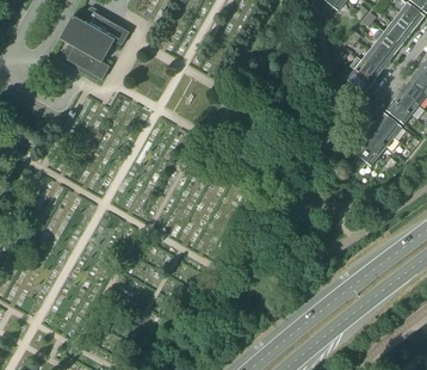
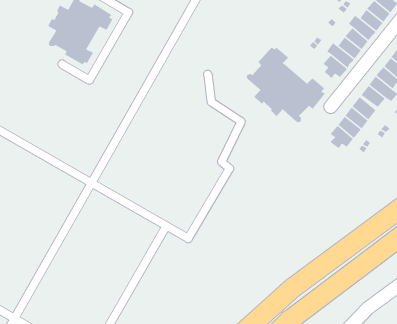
building: none -> [245,47,326,123]

